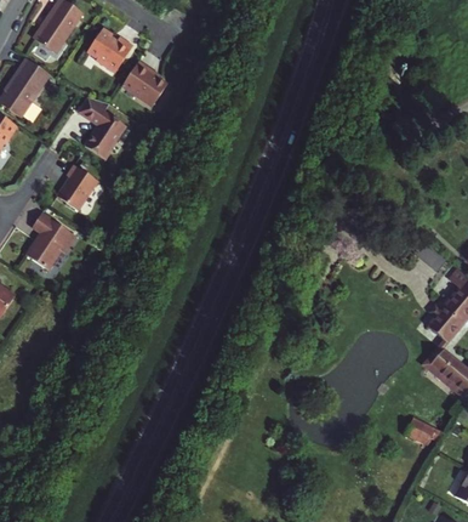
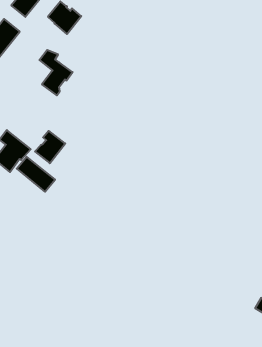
building: [121,61,167,107] -> none
building: [57,165,98,210] -> [35,131,65,163]
building: none -> [17,157,55,192]

